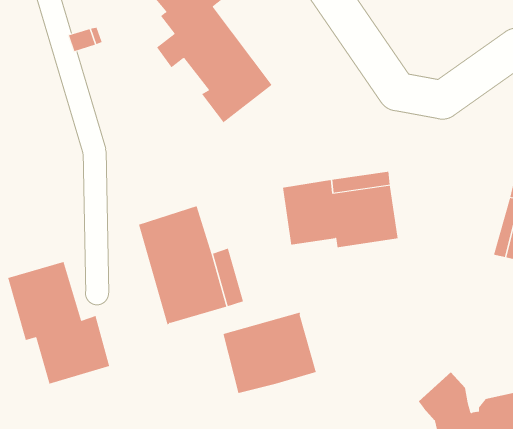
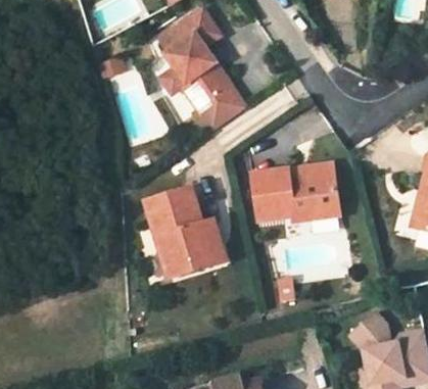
building: [7,261,110,385] -> none
building: [223,312,317,394] -> none

